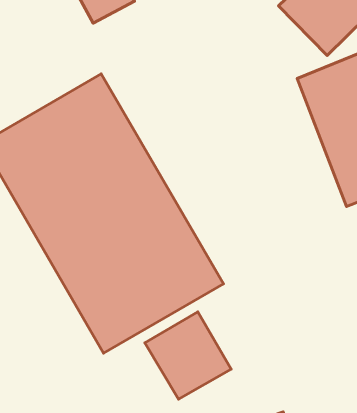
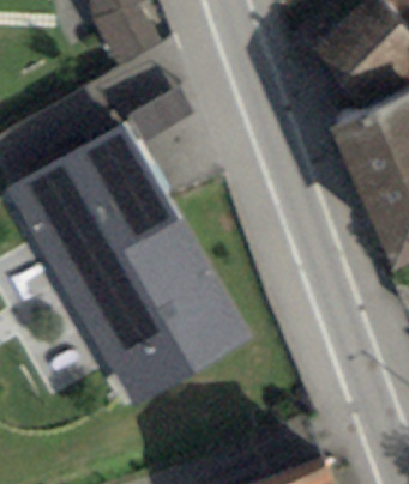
building: [145,312,231,399] -> none

